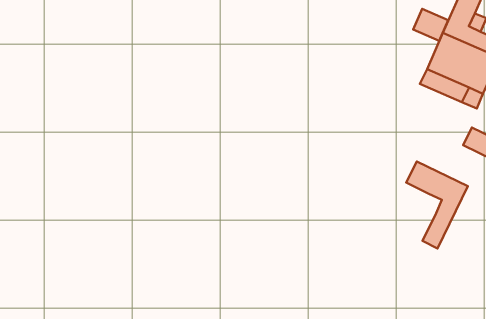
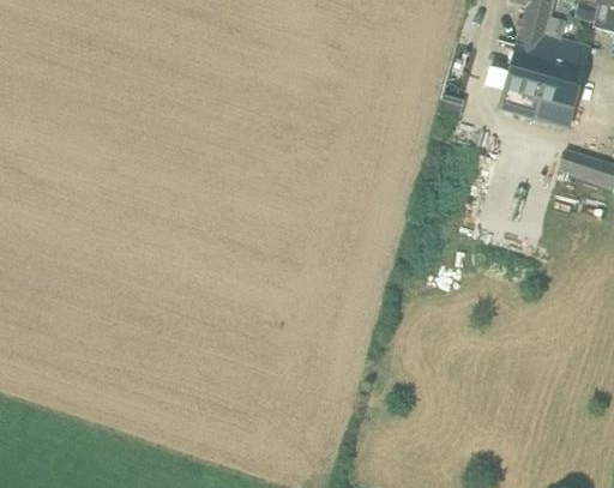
building: [413,9,448,41] -> none
building: [406,162,468,248] -> none

